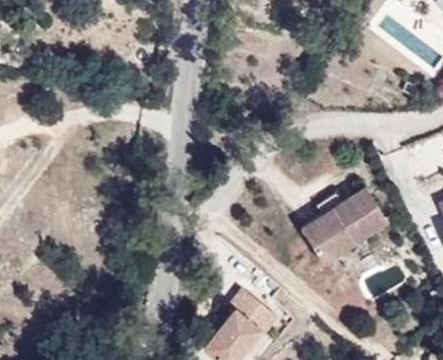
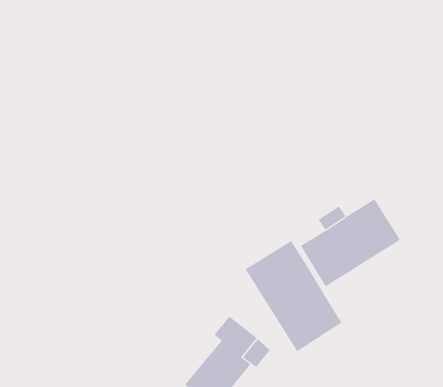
building: none -> [245,240,342,352]

